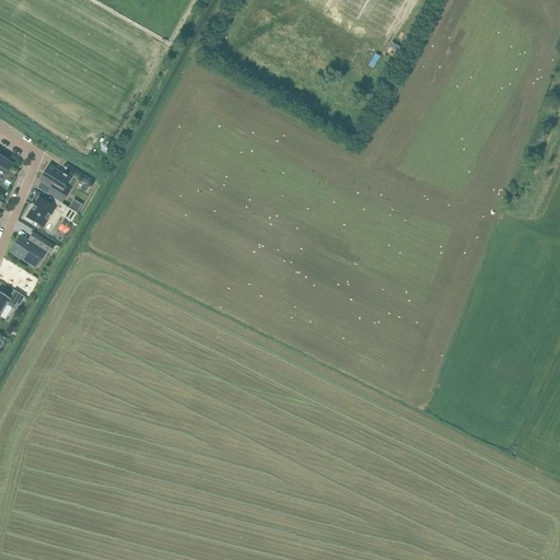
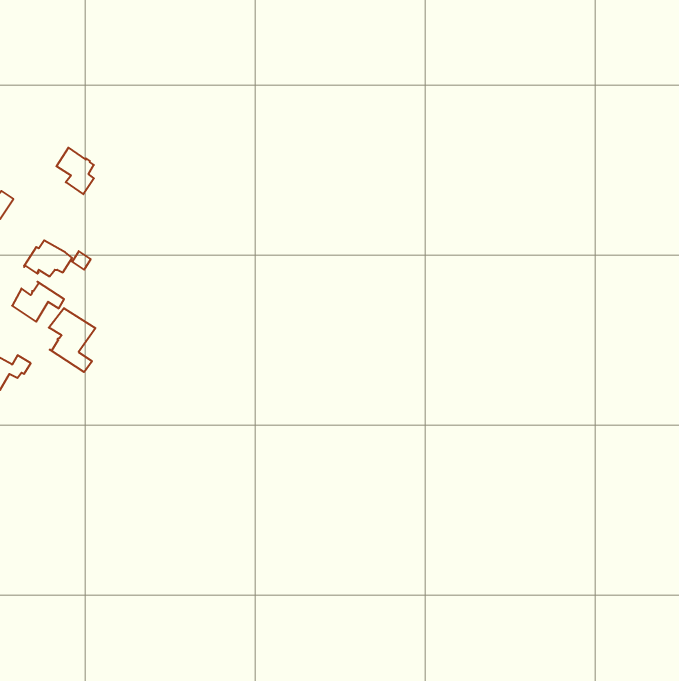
building: [37,164,68,202] -> [56,148,94,194]
building: none -> [49,308,95,372]

